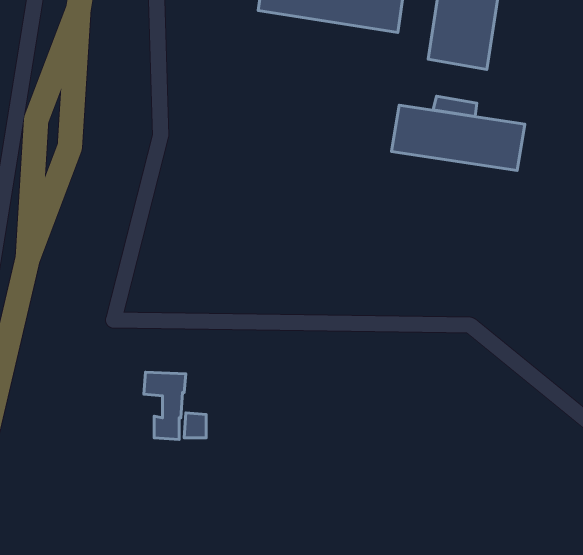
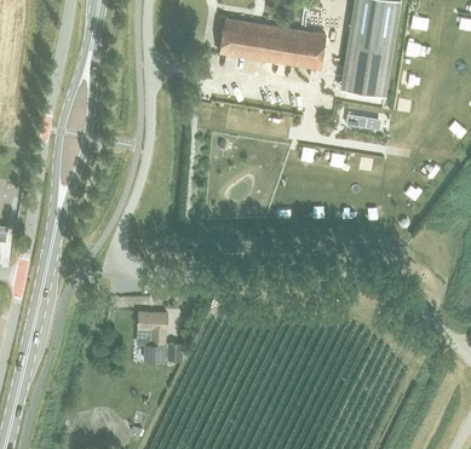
building: [392,105,525,170] -> none

